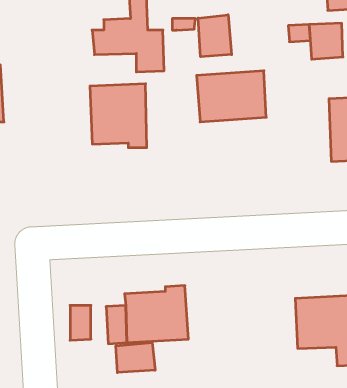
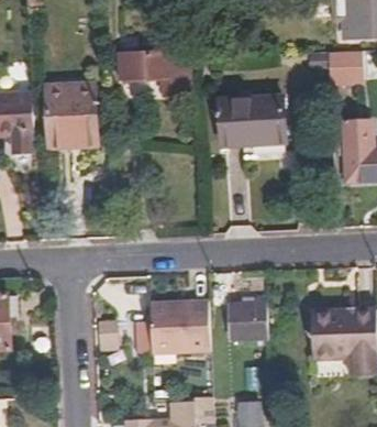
building: [198,15,232,57] -> none
building: [90,84,147,148] -> [45,85,99,145]
building: none -> [229,305,268,341]
building: [116,343,155,373] -> none

